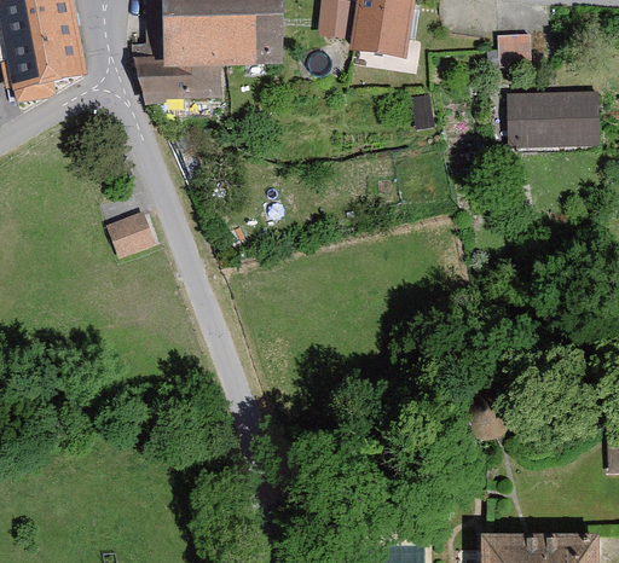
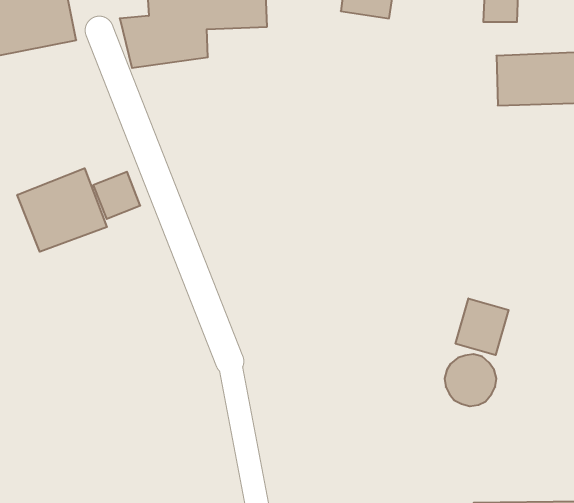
building: none -> [17,168,107,252]
building: none -> [456,298,509,355]

